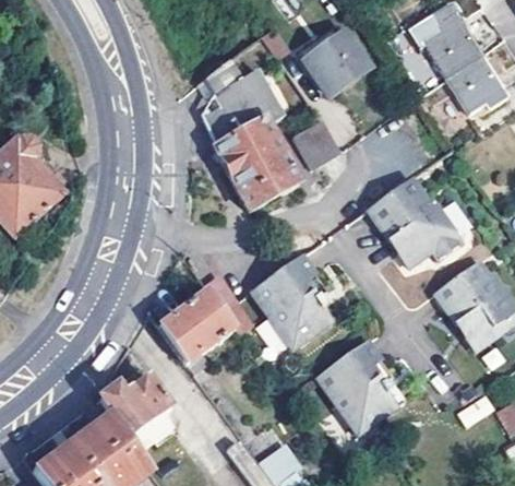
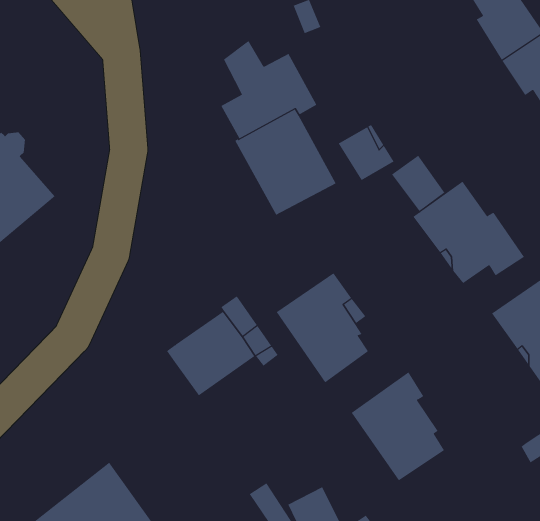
building: [307,32,364,90] -> none
building: none -> [391,155,445,212]
building: [103,375,171,434] -> none

